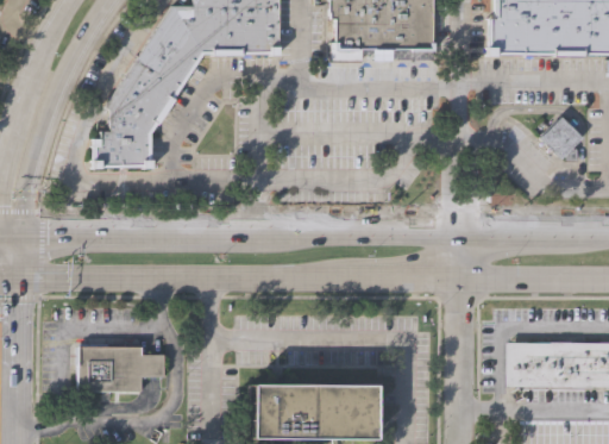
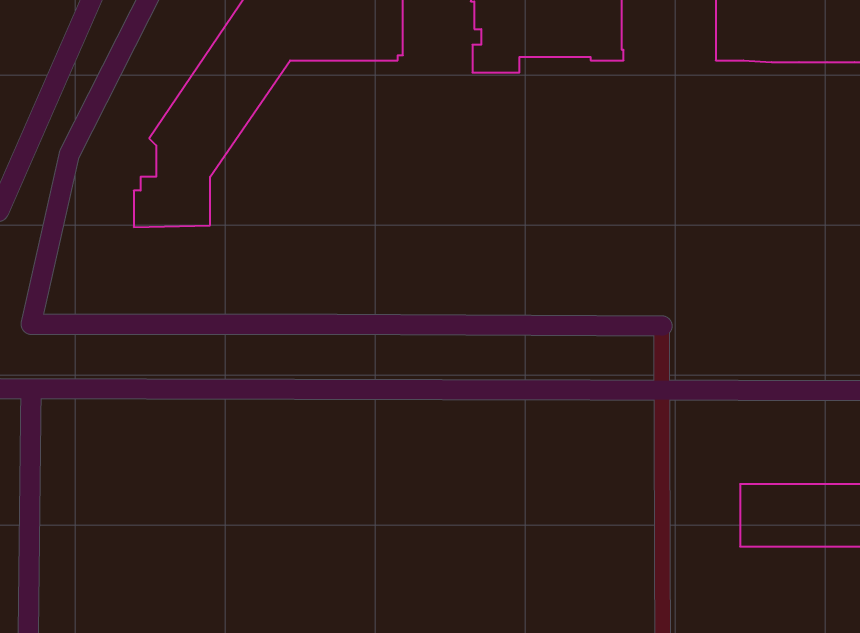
building: [540,115,583,160] -> none
building: [81,343,167,390] -> none
building: [247,384,371,438] -> none

